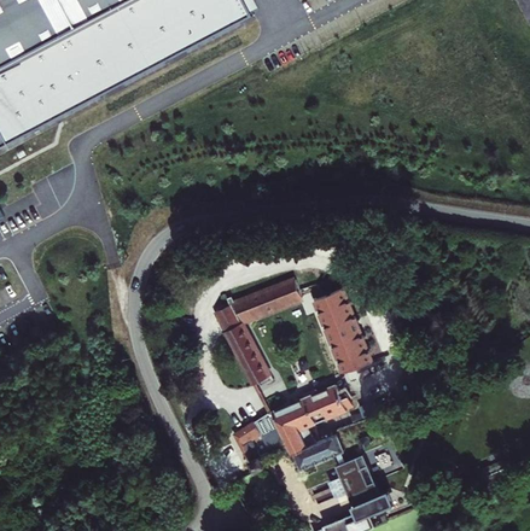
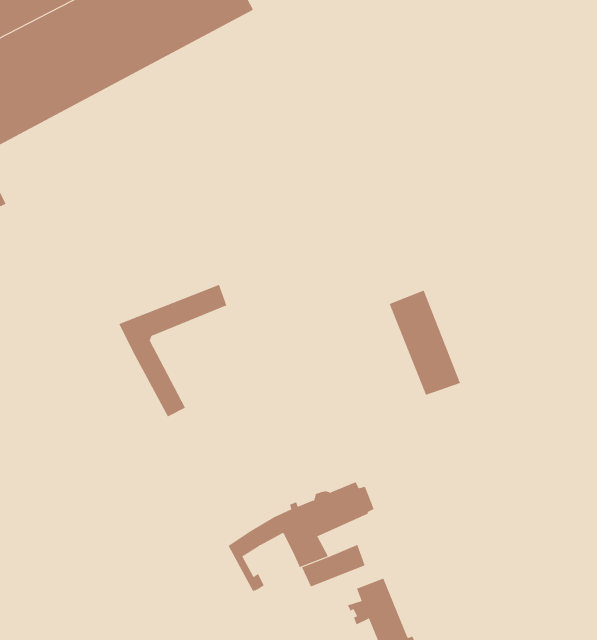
building: [212,278,298,383] -> [119,284,227,417]
building: [313,287,369,370] -> [389,290,461,395]

